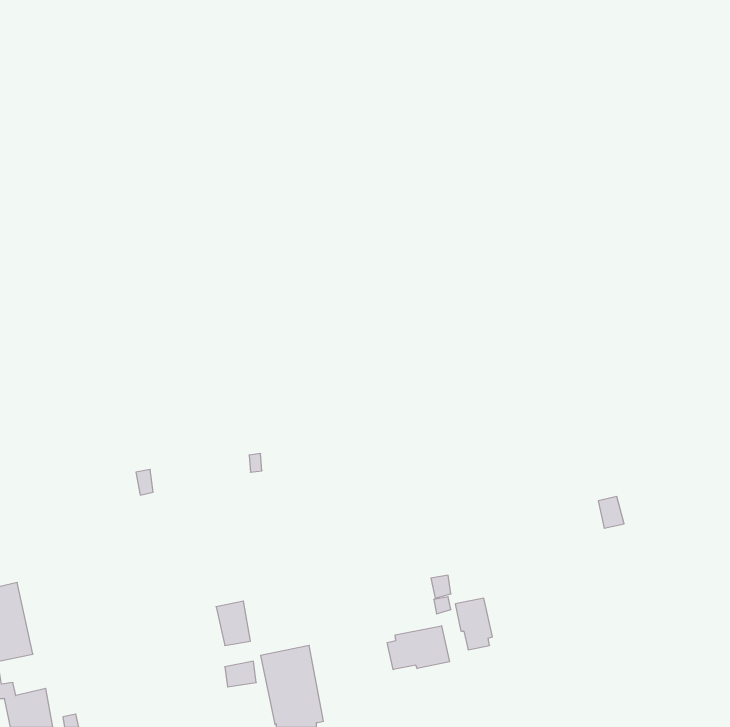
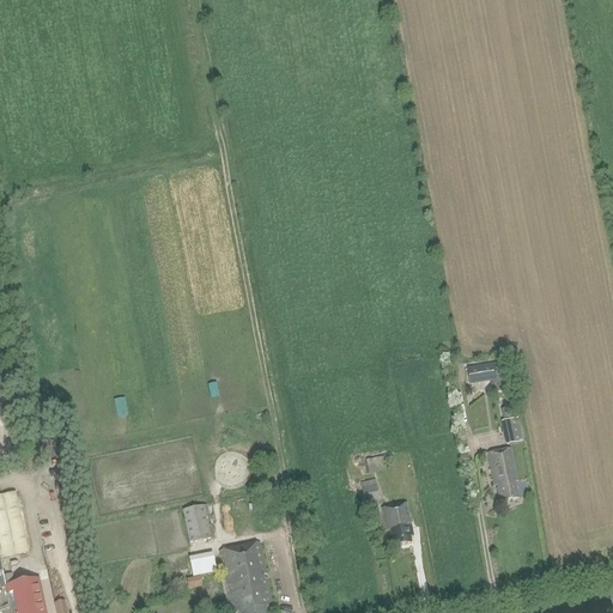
building: none -> [466,360,502,382]
building: none -> [486,447,517,499]
building: [387,626,450,670] -> none

